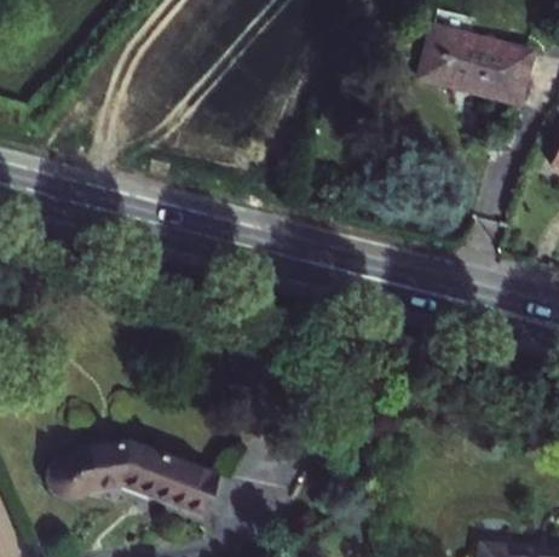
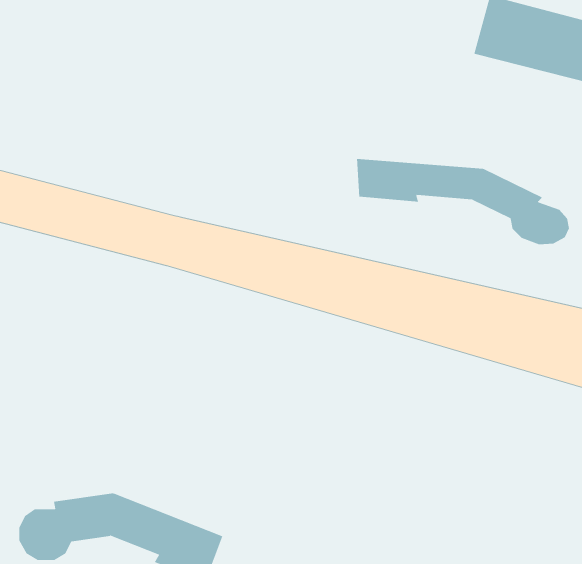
building: none -> [357,158,570,245]

